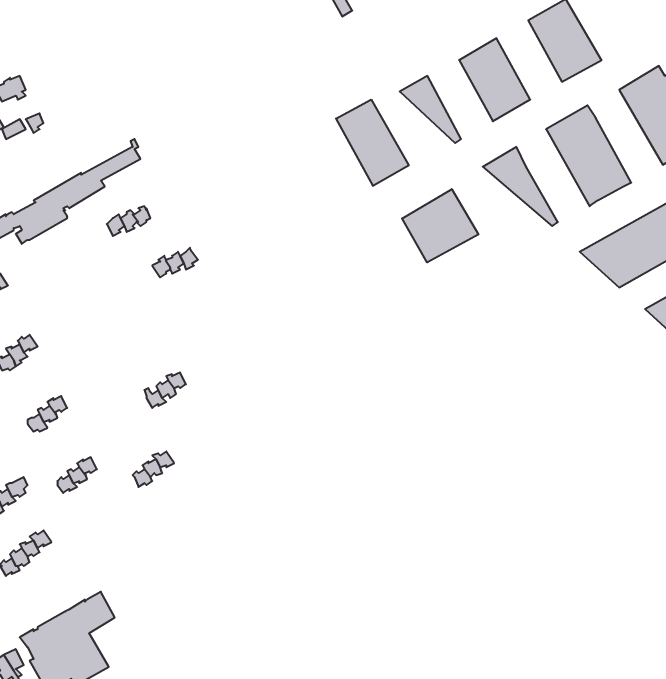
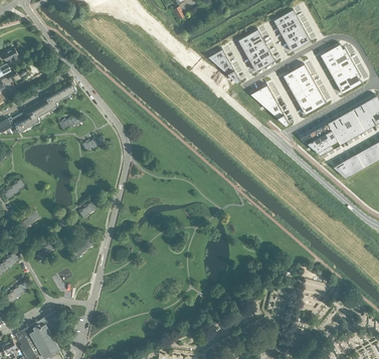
building: [336,100,409,186] -> none
building: [402,189,478,262] -> none

